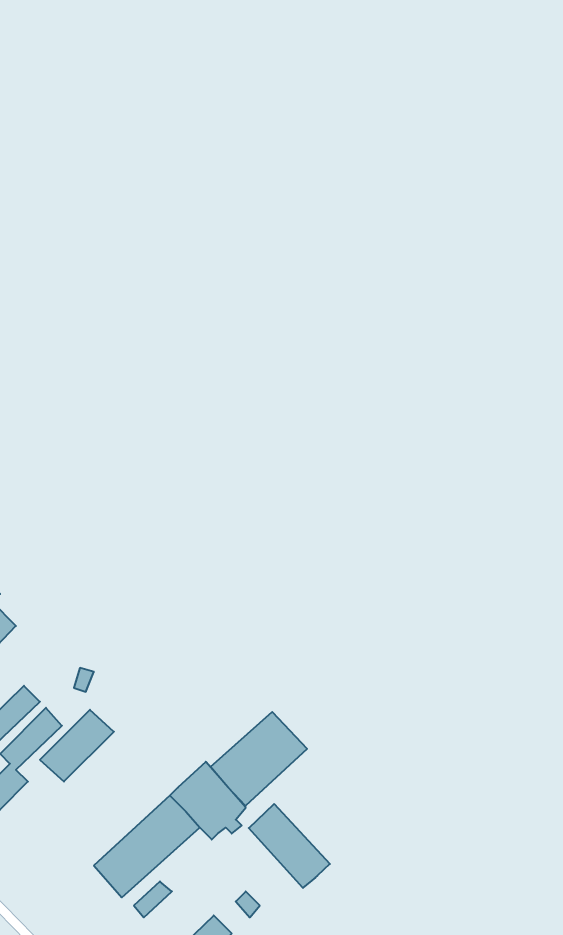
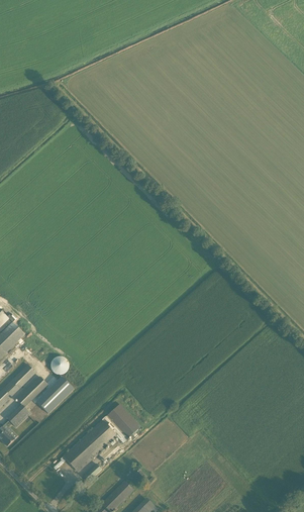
building: [211,712,307,806] -> none
building: [249,804,330,888] -> none

